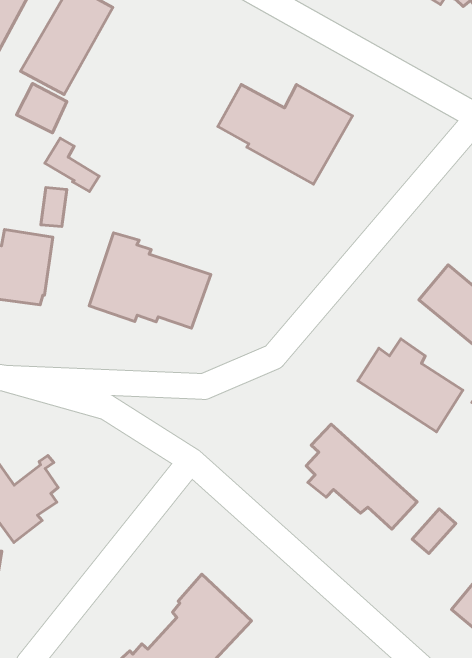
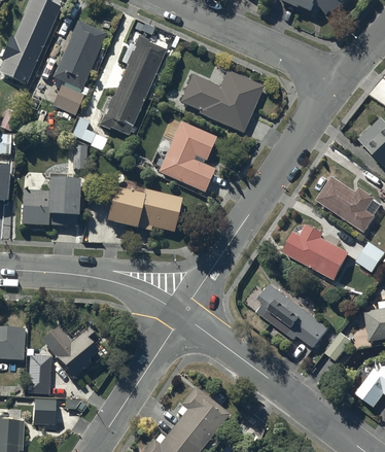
building: none -> [100,34,166,133]
building: none -> [154,123,217,192]

